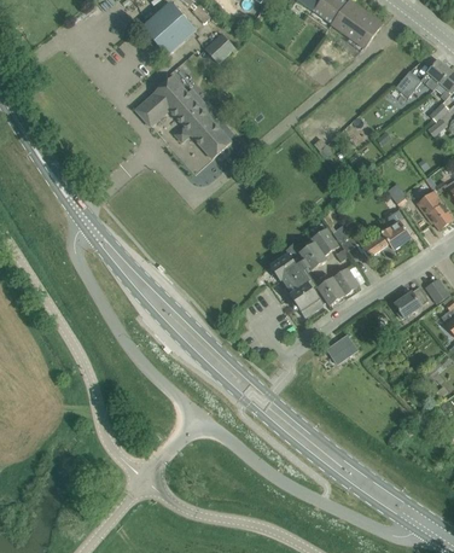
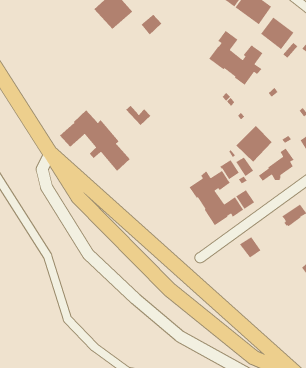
building: none -> [260,16,295,50]
building: none -> [208,30,264,86]
building: [135,75,231,158] -> [59,109,130,172]
building: none -> [235,125,273,162]

